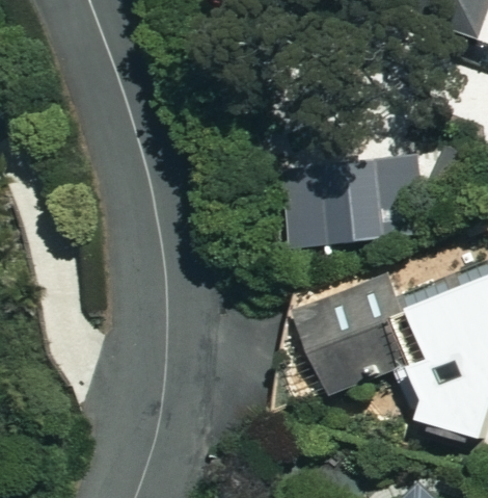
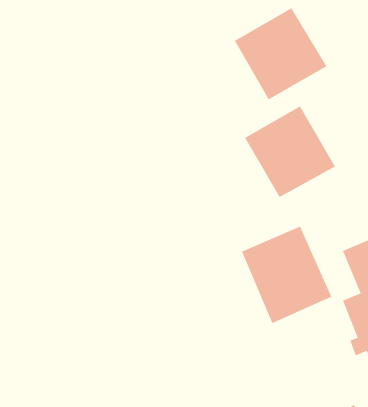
building: none -> [234,7,327,100]

